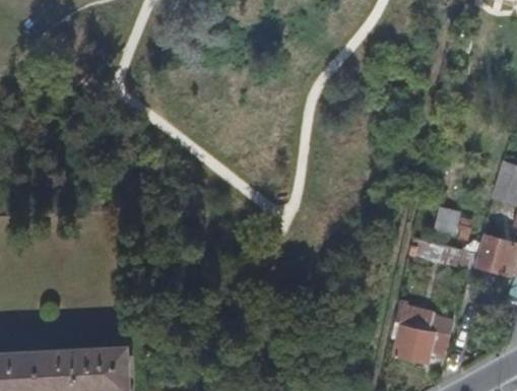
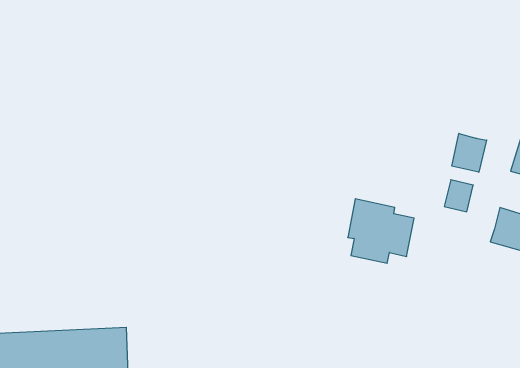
building: none -> [452,133,487,172]
building: [390,303,453,364] -> [348,199,414,263]

